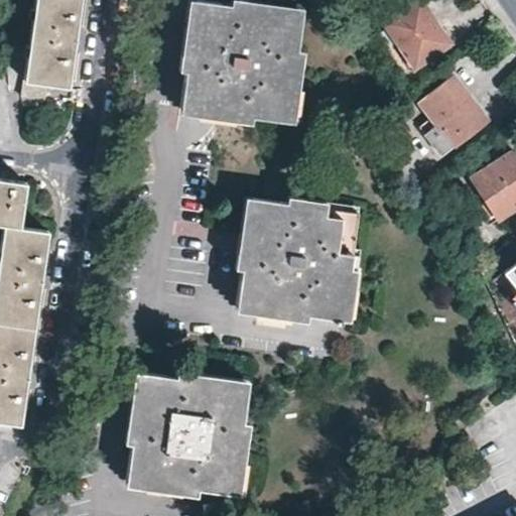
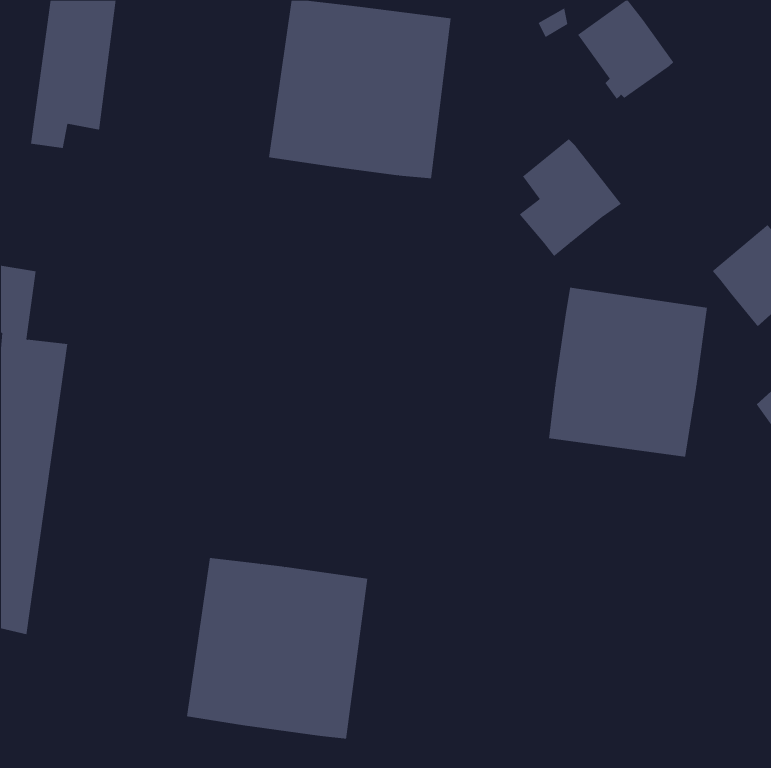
building: [419,79,488,157] -> [519,139,622,257]
building: none -> [549,287,707,458]
building: [236,201,358,321] -> none

